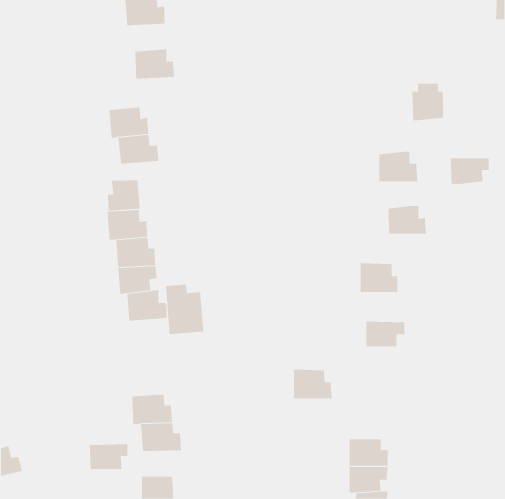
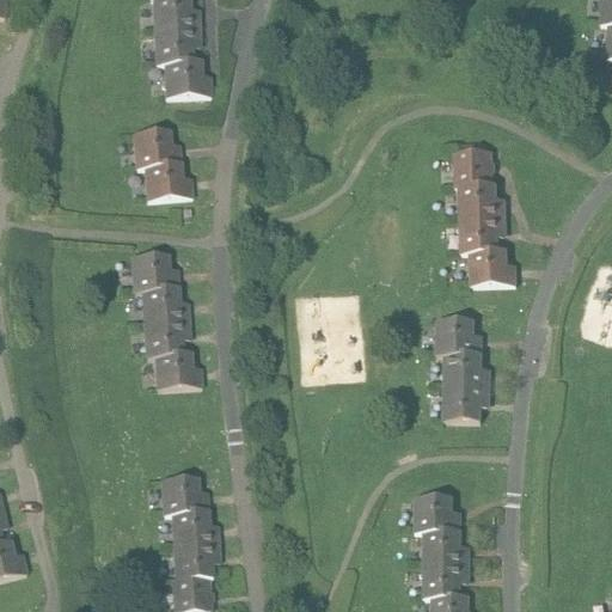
building: none -> [153,29,201,63]
building: [411,83,444,121] -> [453,141,492,186]
building: [450,158,489,184] -> [458,220,506,252]
building: [107,179,140,211] -> none
building: [165,284,204,335] -> none
building: none -> [442,354,490,390]
building: [293,369,333,399] -> [414,495,461,531]
building: [89,444,128,469] -> [172,545,220,576]

